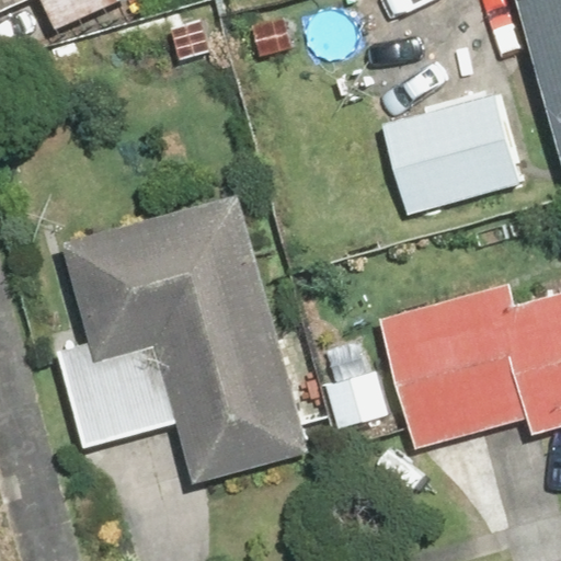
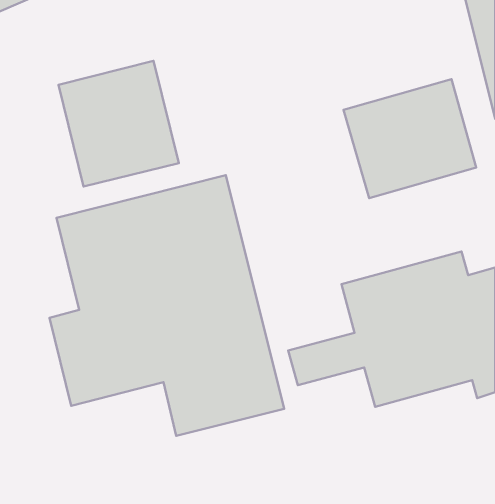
building: none -> [59,61,179,186]

